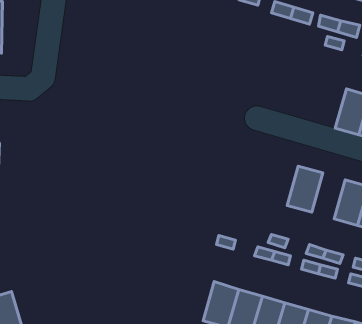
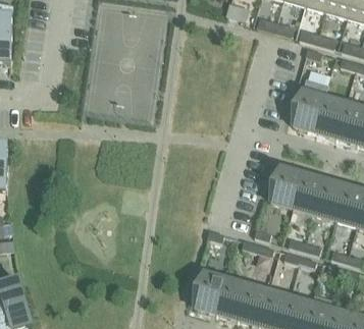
building: none -> [292,75,327,129]
building: none -> [293,170,323,212]

